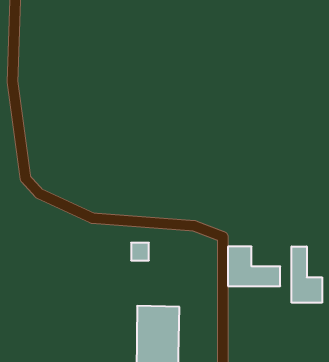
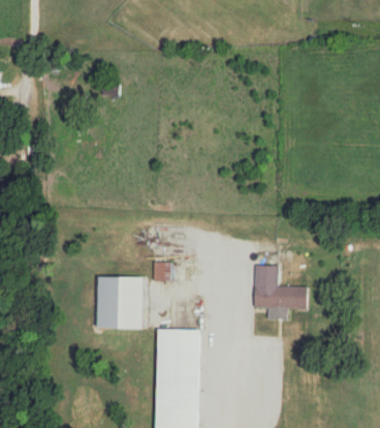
building: [292,246,322,303] -> none
building: none -> [95,277,145,330]

